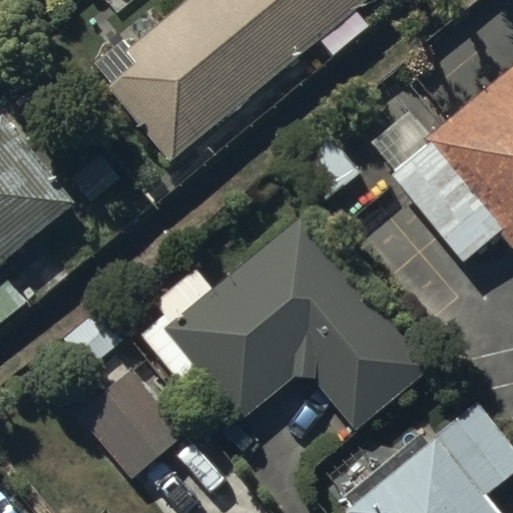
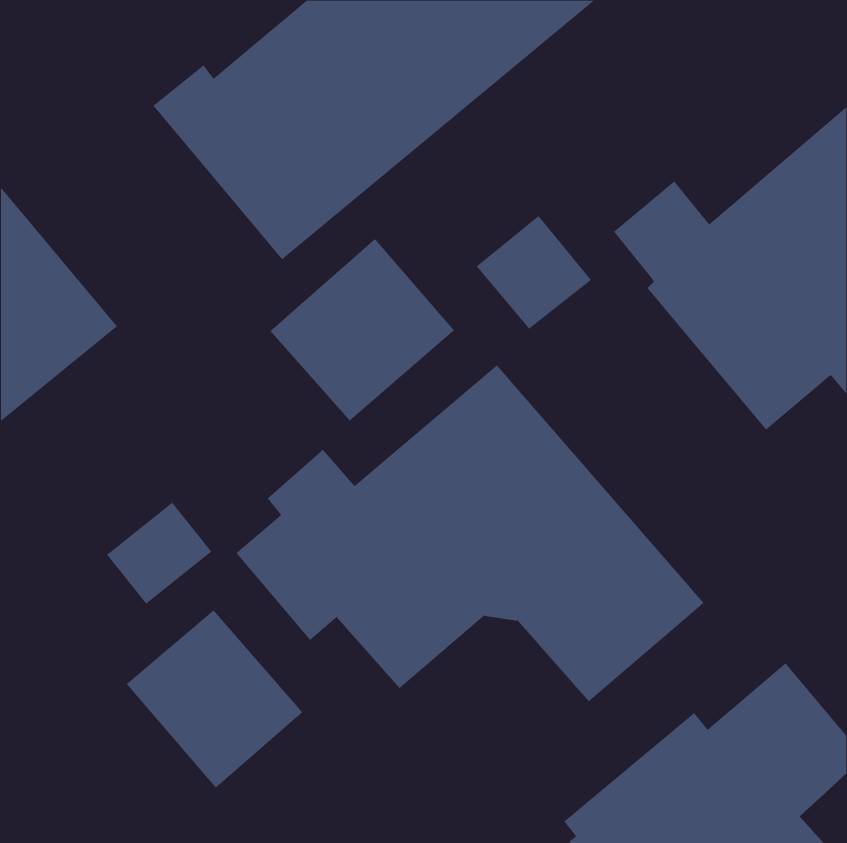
building: none -> [269,238,455,421]

